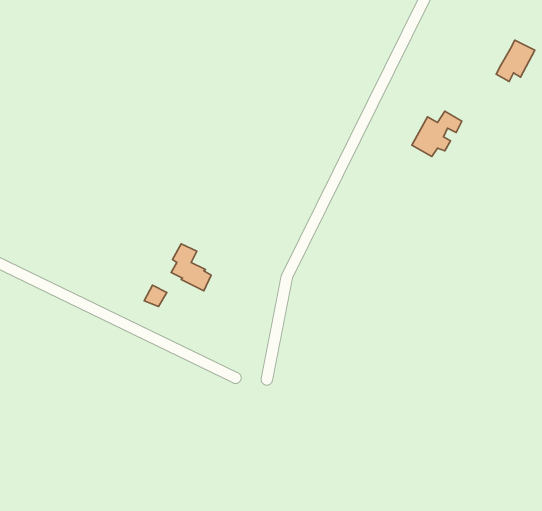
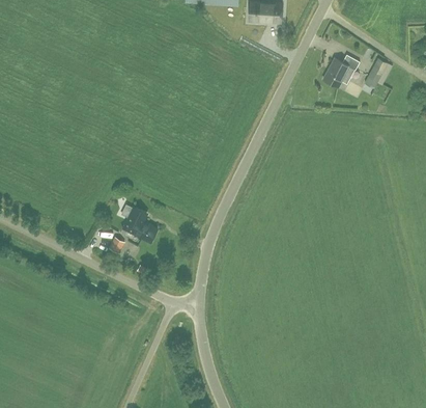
building: [412,111,462,157] -> [322,54,359,87]

